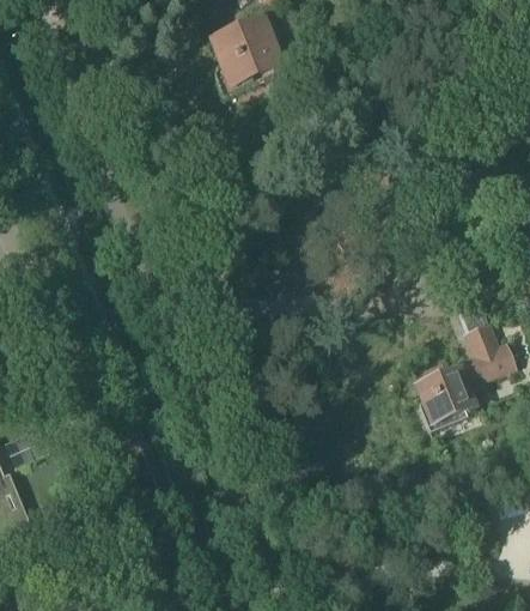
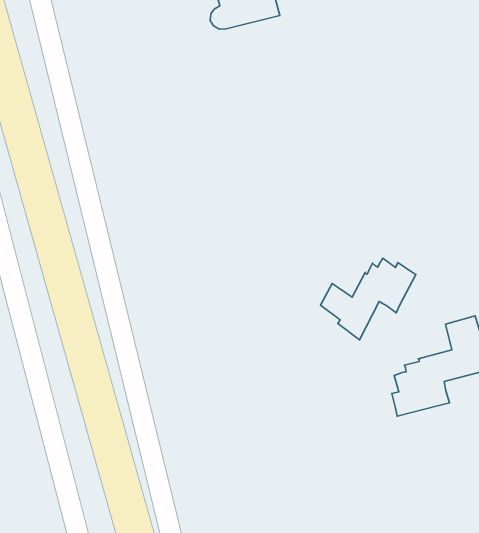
building: none -> [320,258,416,340]

